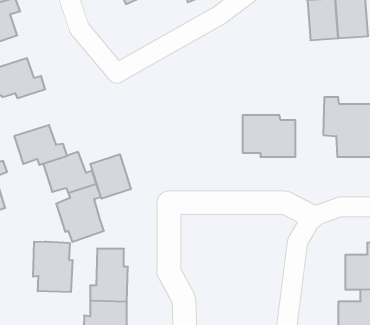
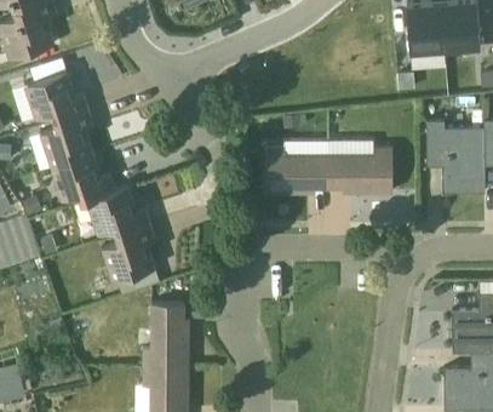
building: none -> [40,110,93,167]
building: none -> [265,142,328,193]
building: [90,154,131,199] -> none
building: [33,241,73,292] -> none

